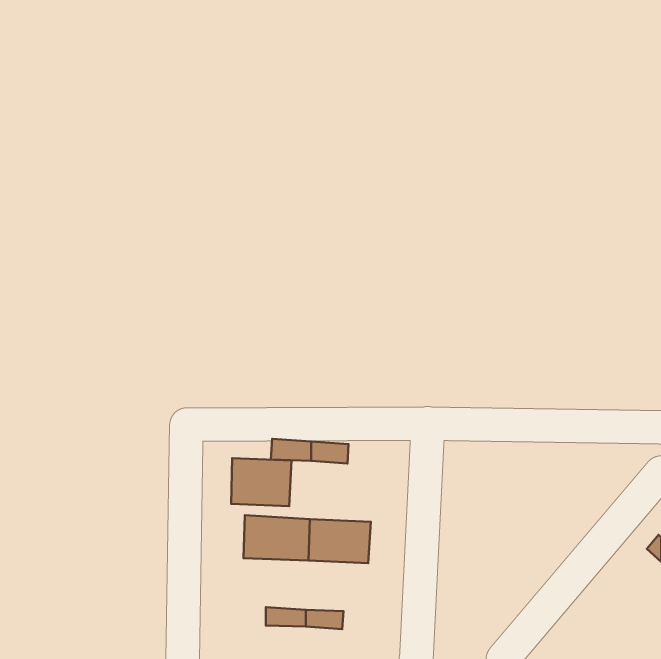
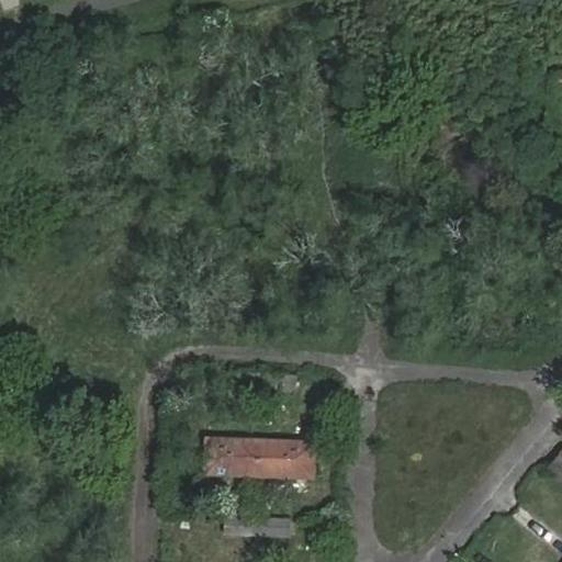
building: [231,458,292,506] -> none

